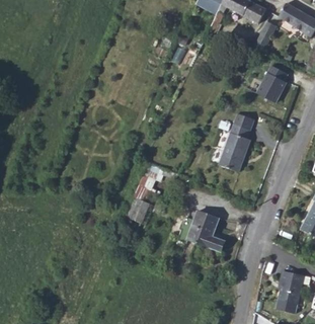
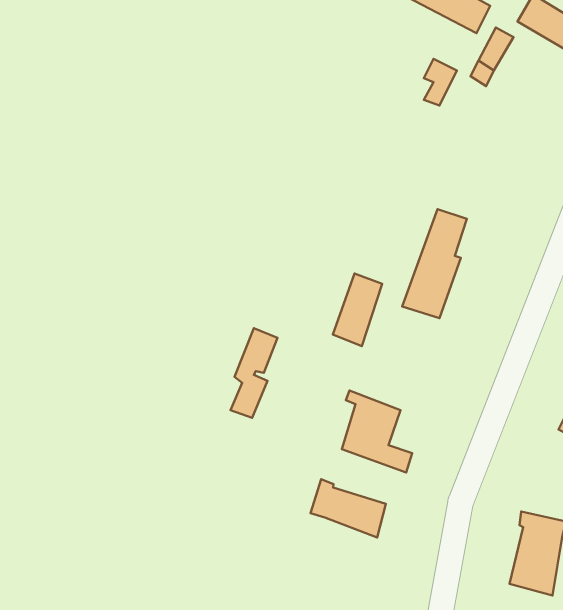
building: [257,65,288,102] -> none
building: none -> [333,273,382,346]
building: none -> [310,479,386,538]

